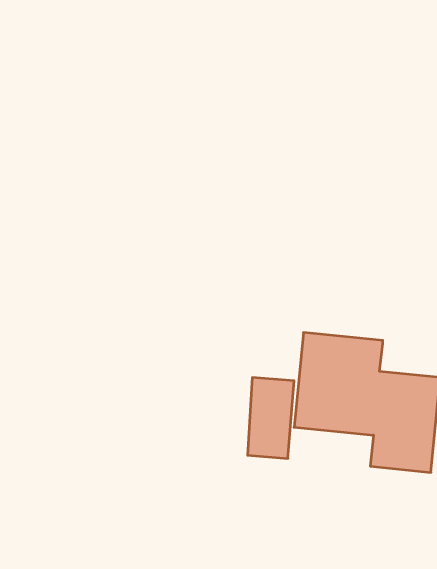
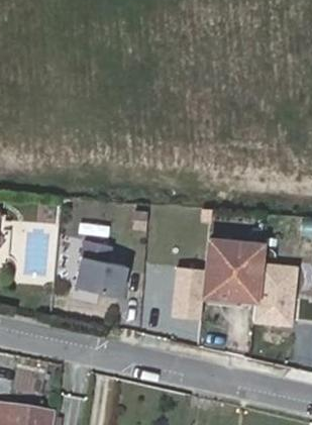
building: none -> [79,242,128,298]

